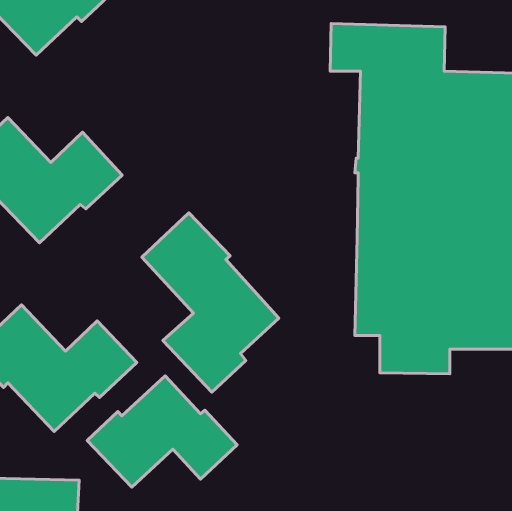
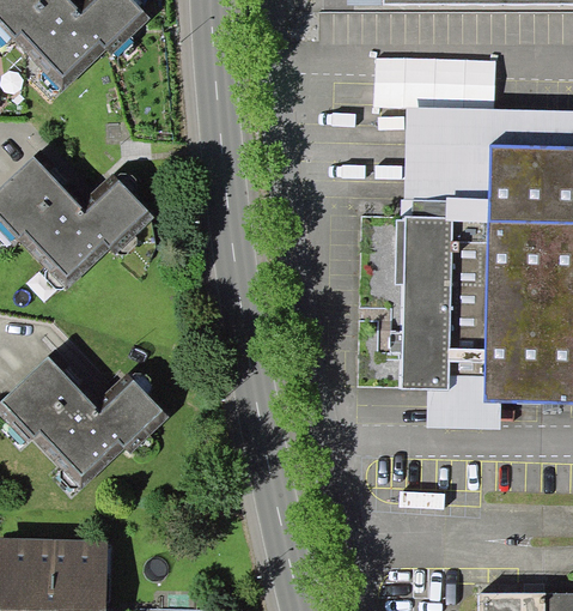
building: [142,213,279,392] -> none
building: [87,376,237,487] -> none

